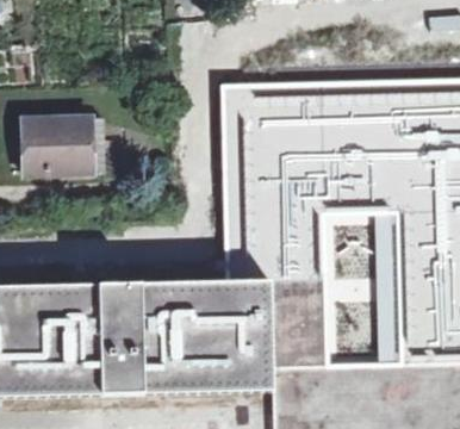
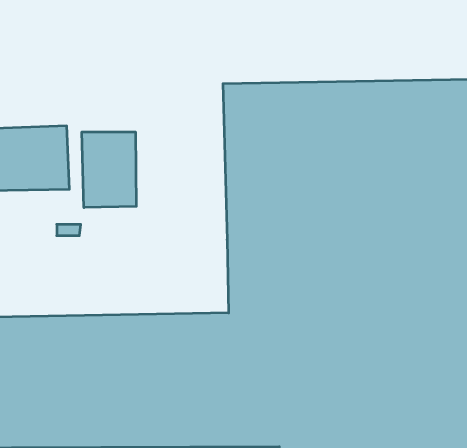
building: none -> [82,132,136,208]

